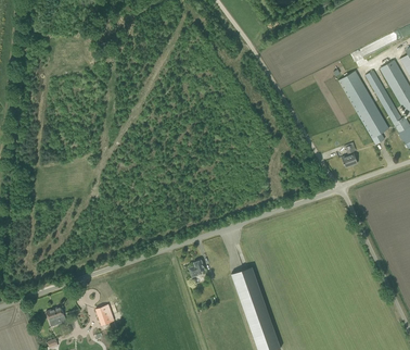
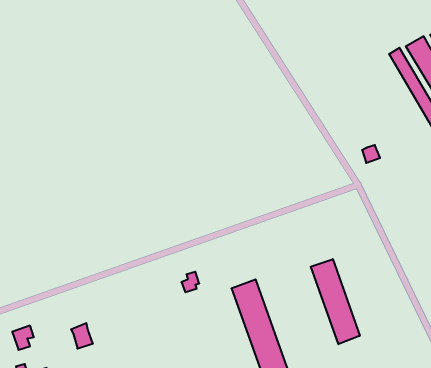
building: [338,71,388,145] -> none
building: none -> [311,259,360,344]

